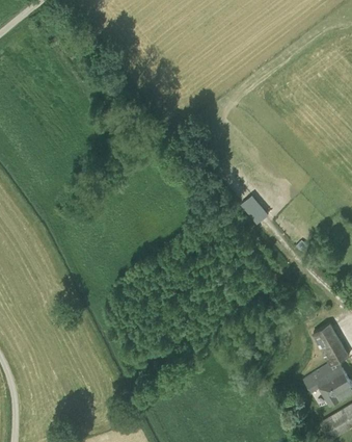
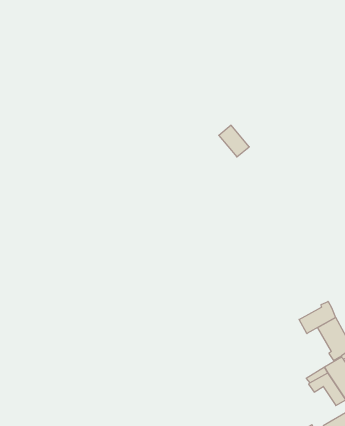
building: [241,193,269,223] -> [219,125,249,157]
building: none -> [299,301,336,334]

